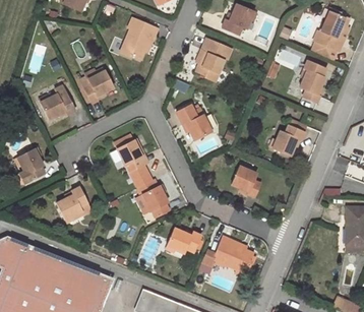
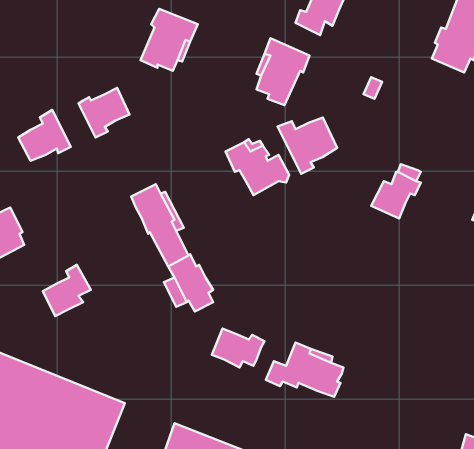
building: [301,60,326,103] -> none
building: none -> [277,117,337,174]
building: [233,167,261,196] -> none

